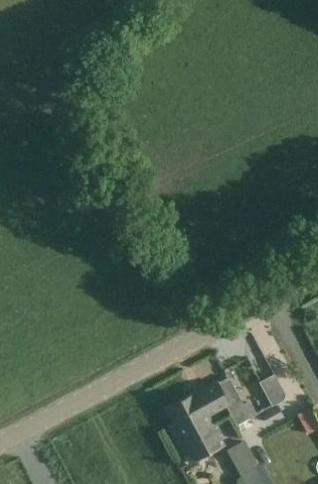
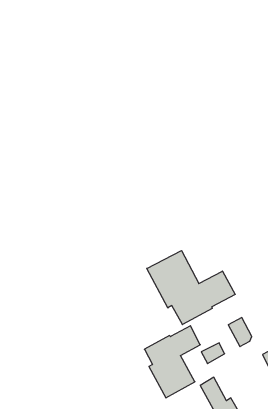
building: none -> [147,251,235,325]

